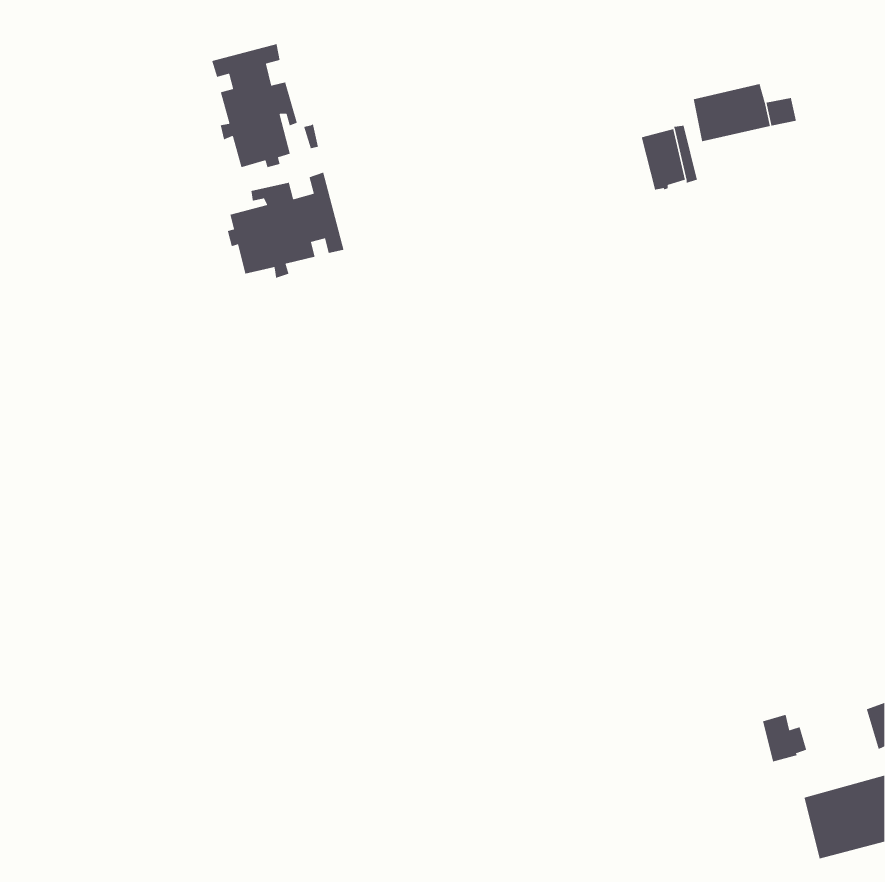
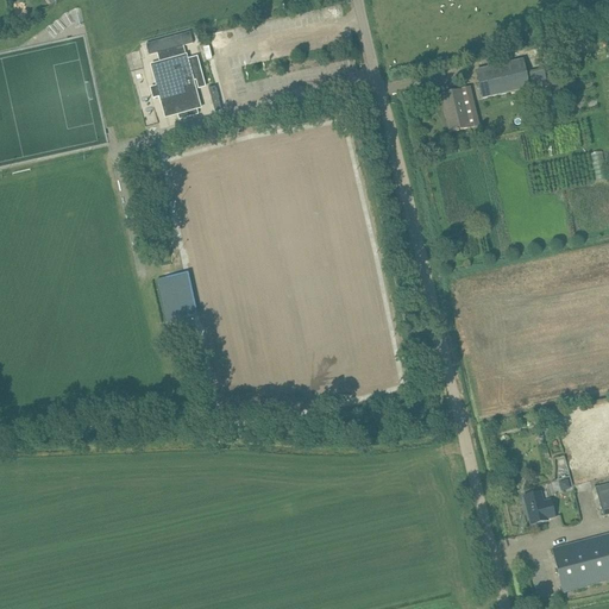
building: [227,171,344,279] -> none
building: none -> [165,271,197,318]

